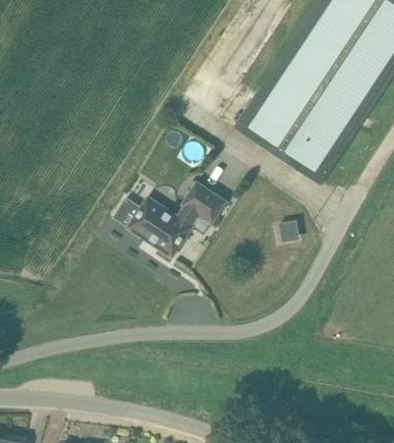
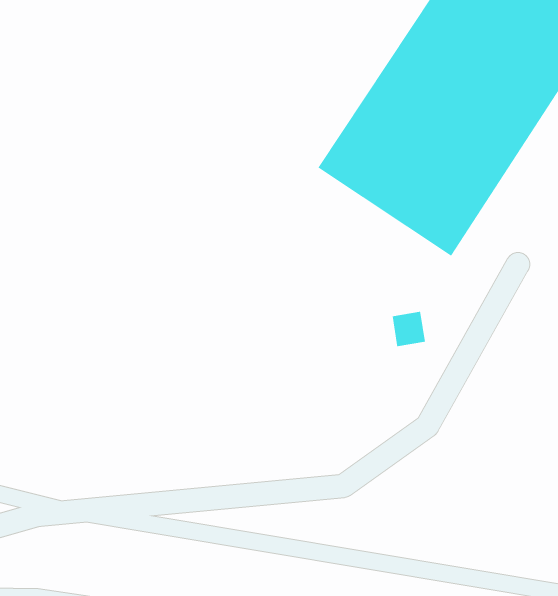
building: [113,182,227,258] -> none

